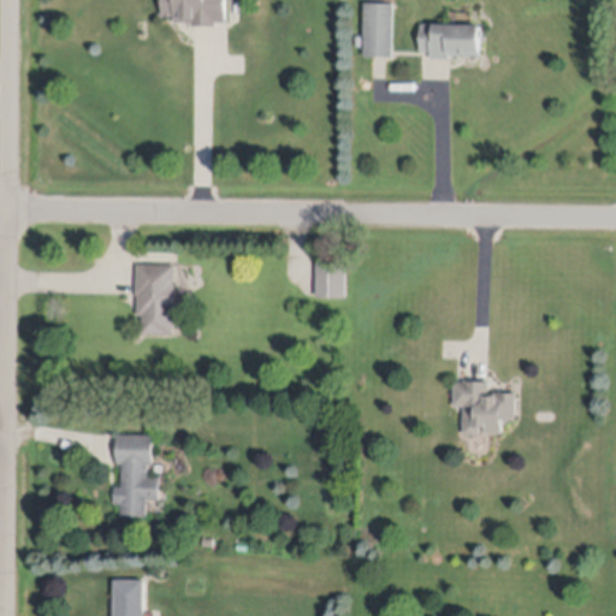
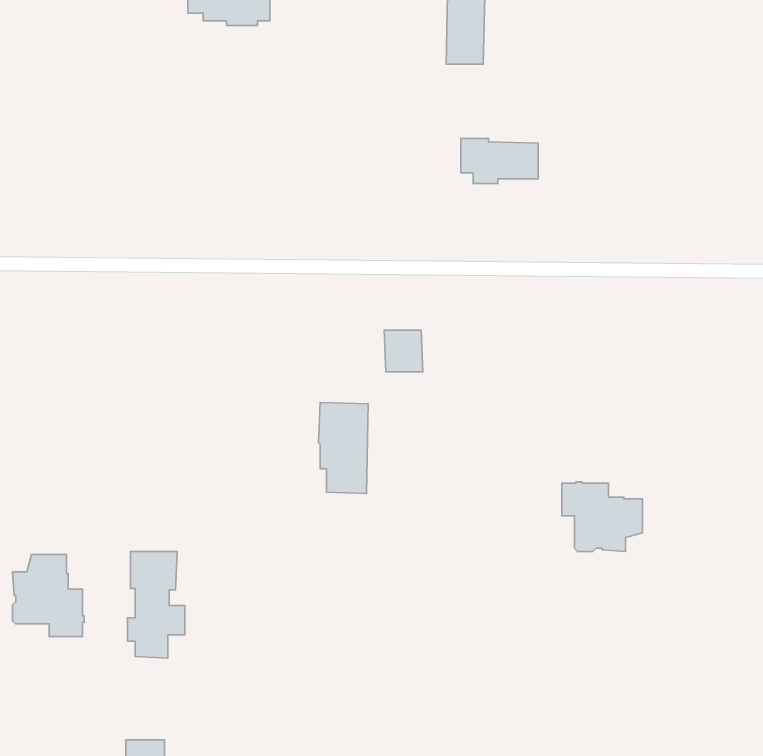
building: [417,23,478,58] -> [461,139,538,184]
building: [134,262,172,333] -> [319,402,368,494]
building: none -> [13,554,84,637]

